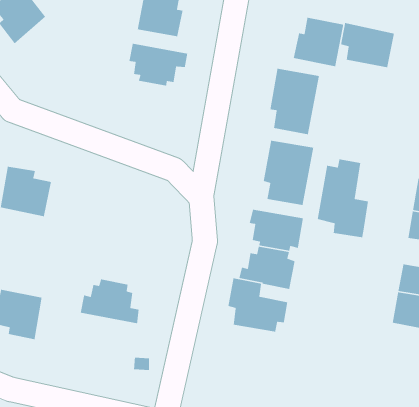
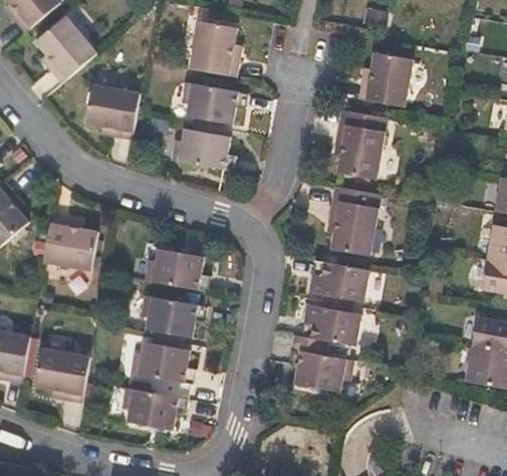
building: [340,22,395,68] -> none
building: none -> [85,84,140,139]
building: none -> [171,123,235,171]
building: [317,159,369,238] -> none
building: none -> [146,247,209,290]
building: none -> [142,295,206,341]
building: none -> [121,387,186,430]

